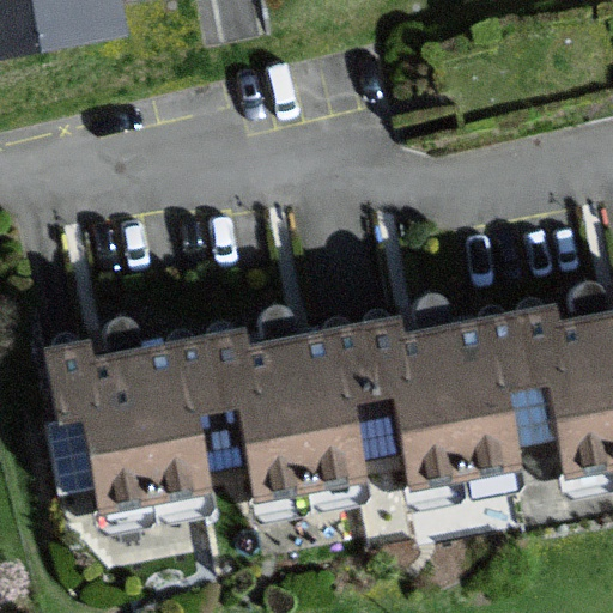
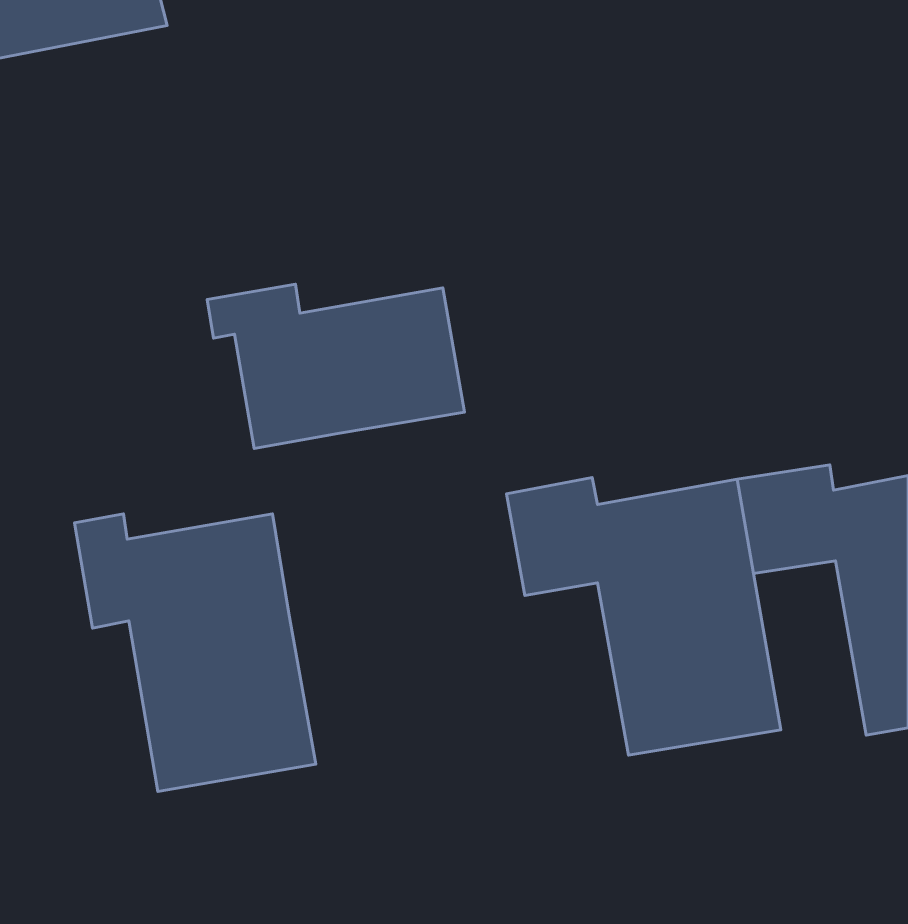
building: none -> [207,284,464,449]
building: [180,326,363,508] -> none

